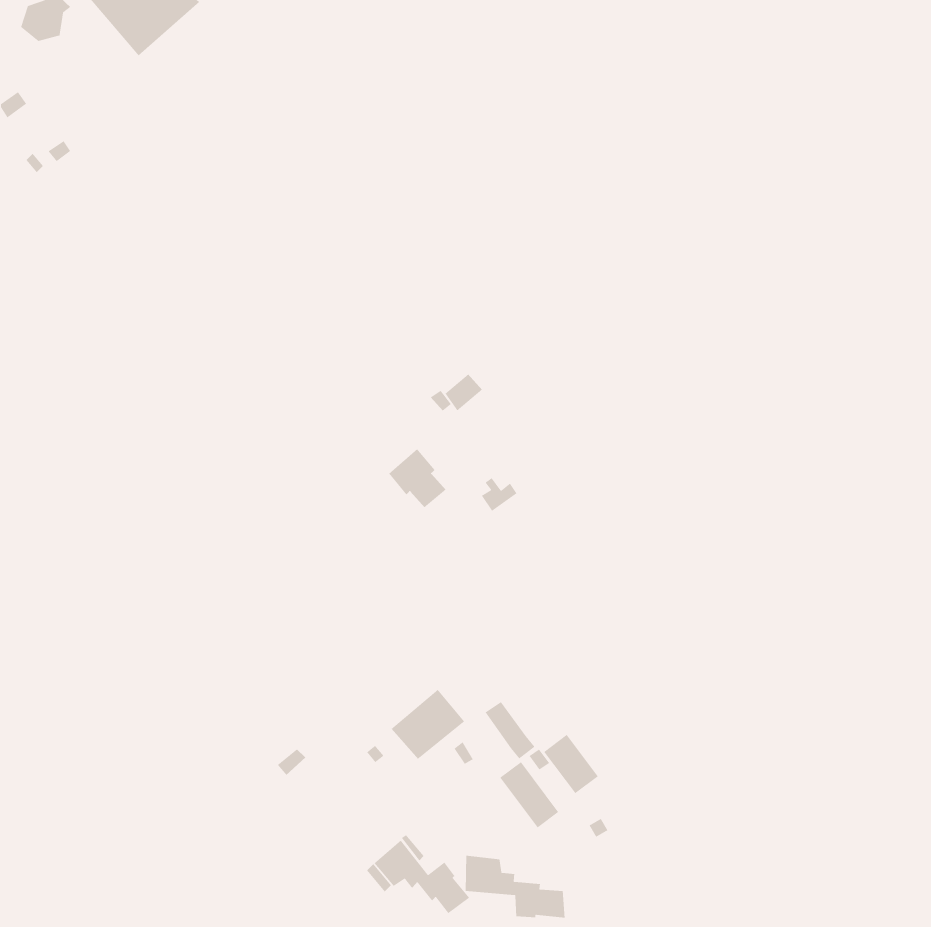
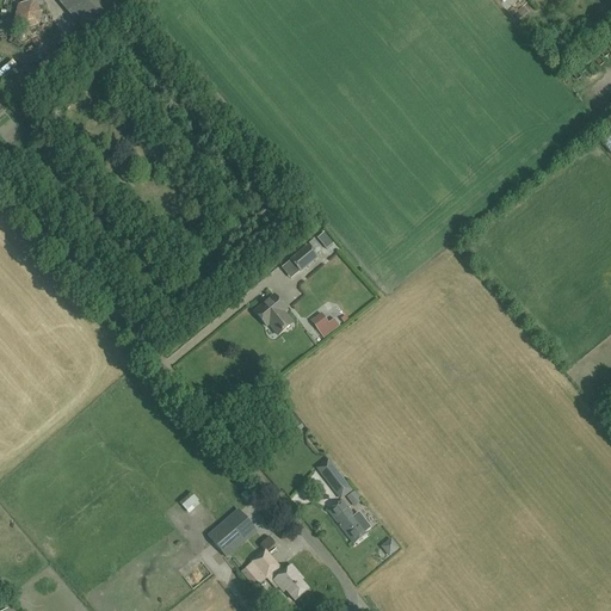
building: [391,689,465,760] -> [208,507,257,554]
building: [543,734,599,794] -> none
building: [465,855,565,918] -> none

